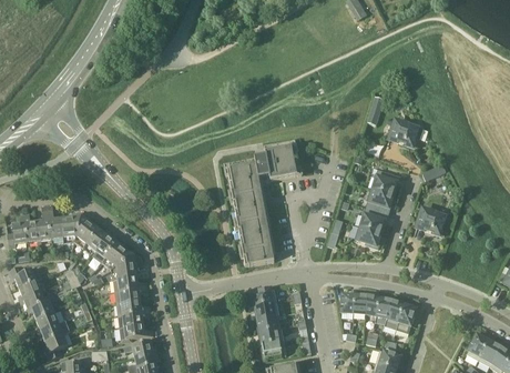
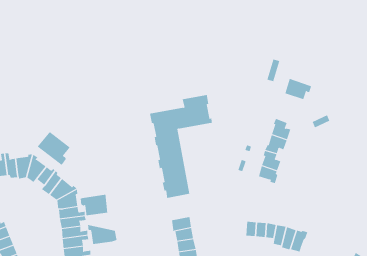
building: none -> [37,131,70,165]
building: [416,208,446,233] -> none
building: none -> [80,194,108,216]
building: none -> [87,224,117,245]

